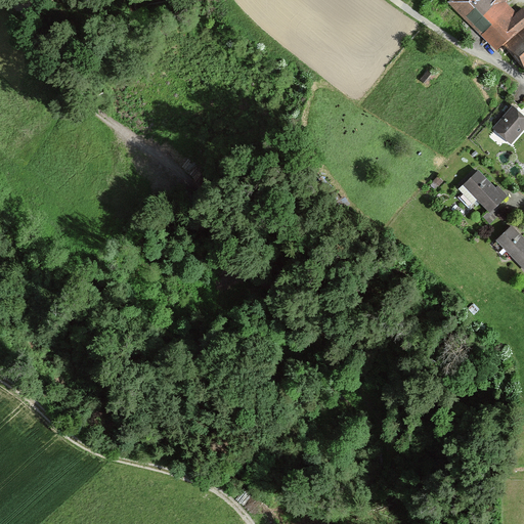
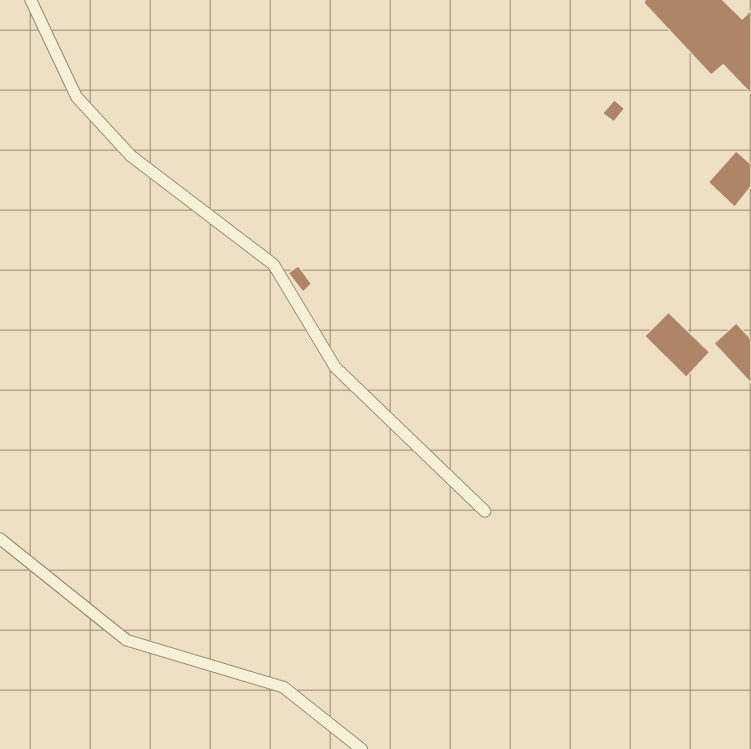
building: [463,169,508,214] -> [645,313,710,377]

